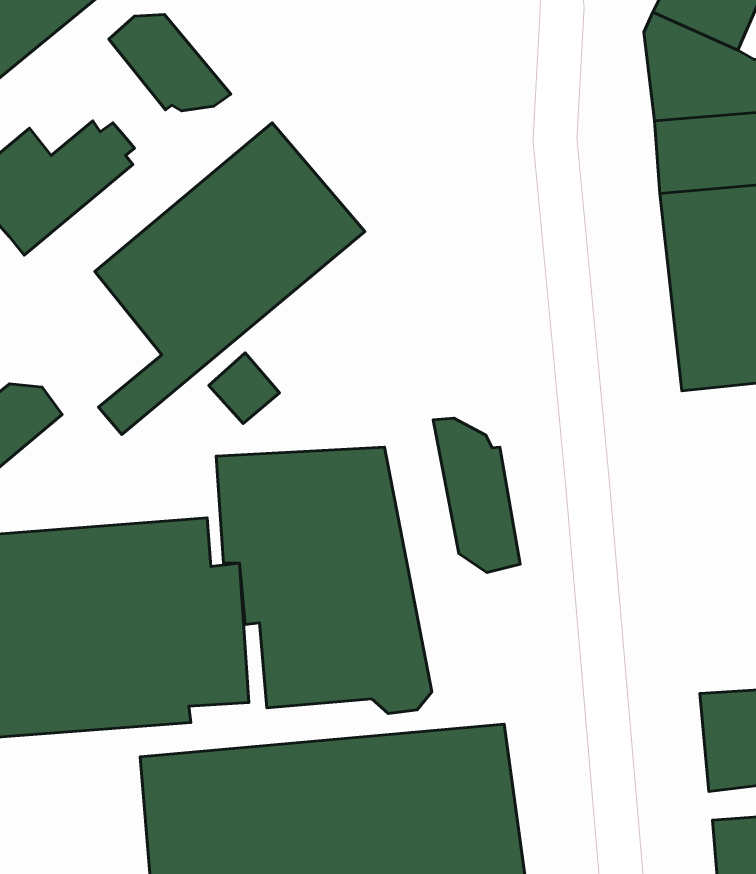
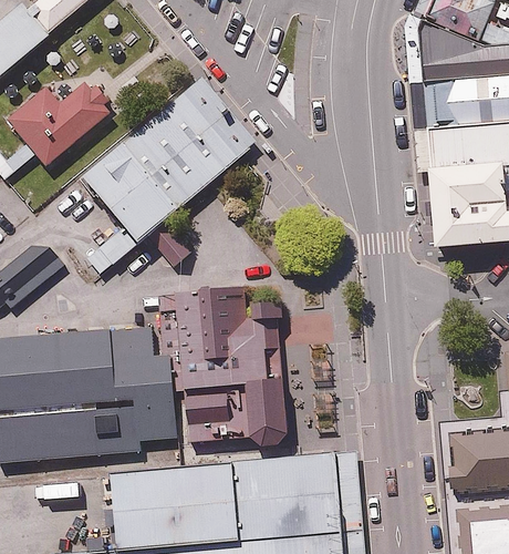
building: [109,15,231,111] -> none
building: [433,418,520,572] -> none

